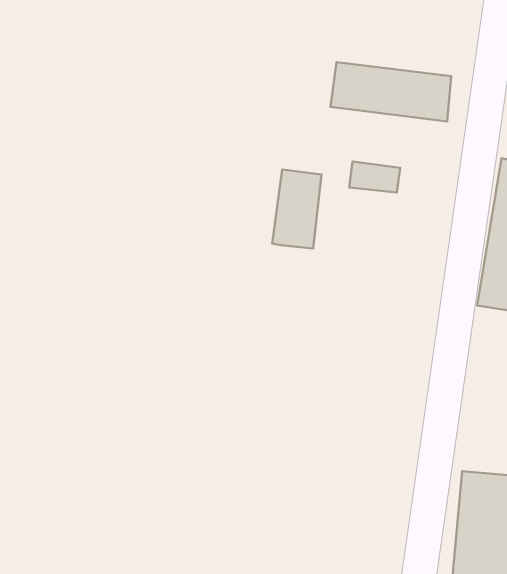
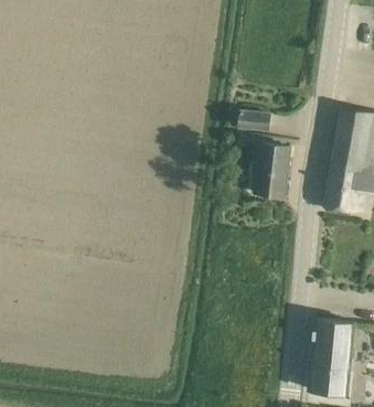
building: [331,62,451,121] -> none
building: [272,170,321,248] -> [256,143,289,196]

